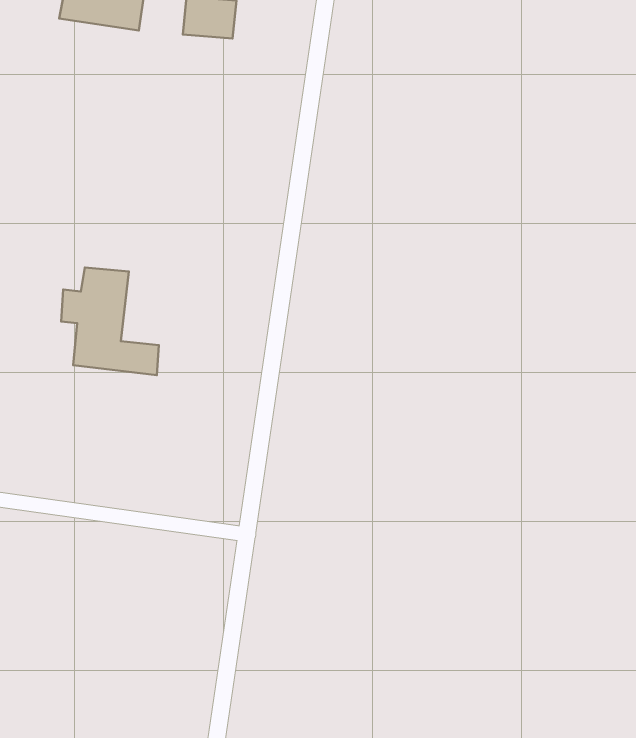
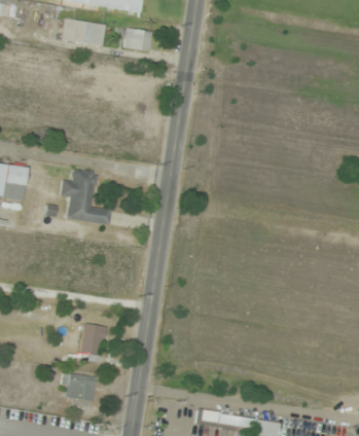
building: none -> [80,324,106,362]
building: none -> [62,373,96,400]

